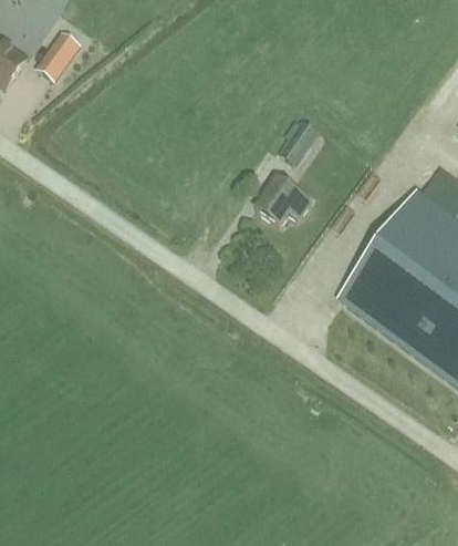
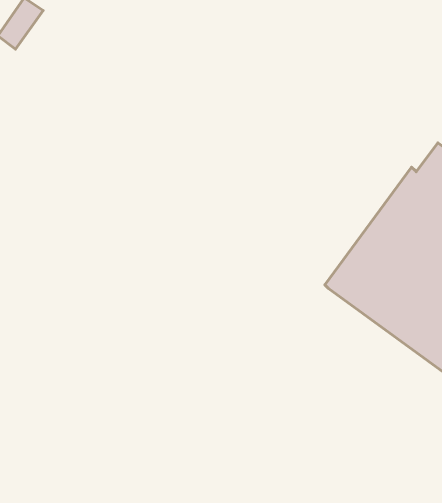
building: [278,117,318,164] -> none
building: [253,177,309,225] -> none

